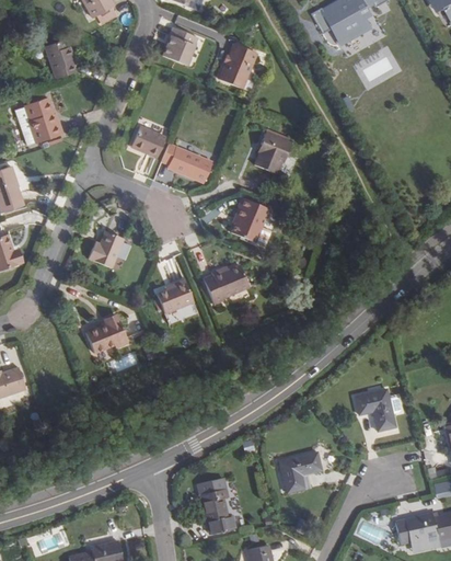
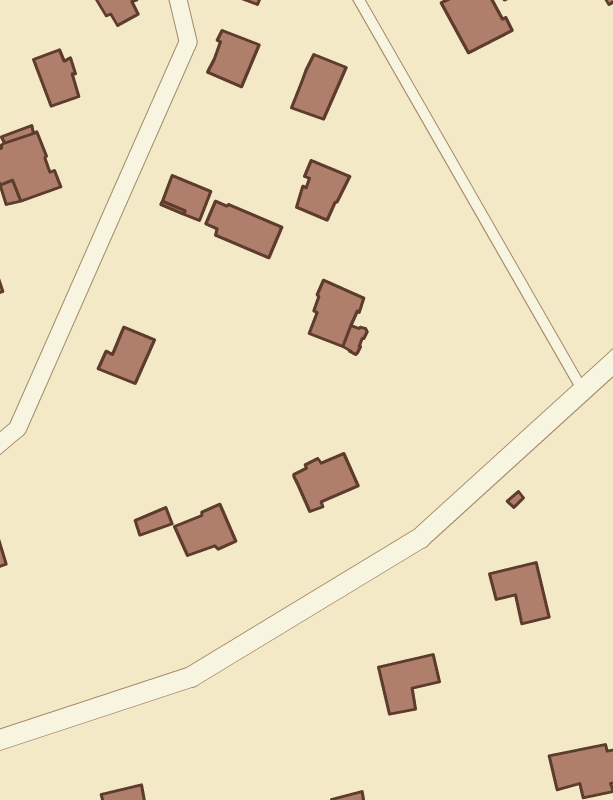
building: [255,133,291,173] -> [297,160,350,220]
building: [203,263,246,302] -> [294,454,358,512]
building: [158,278,193,311] -> none
building: [86,316,128,351] -> [175,504,236,556]
building: [199,489,233,534] -> none

